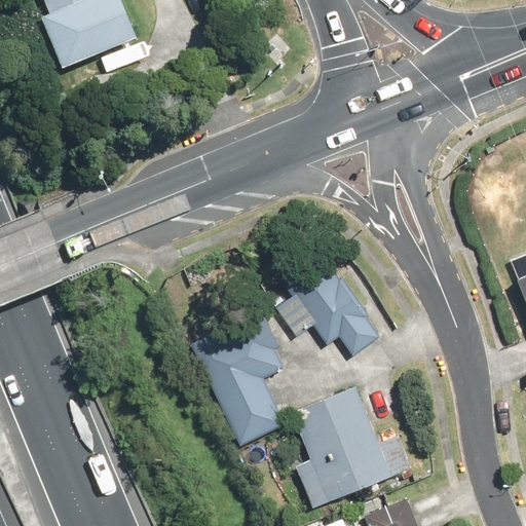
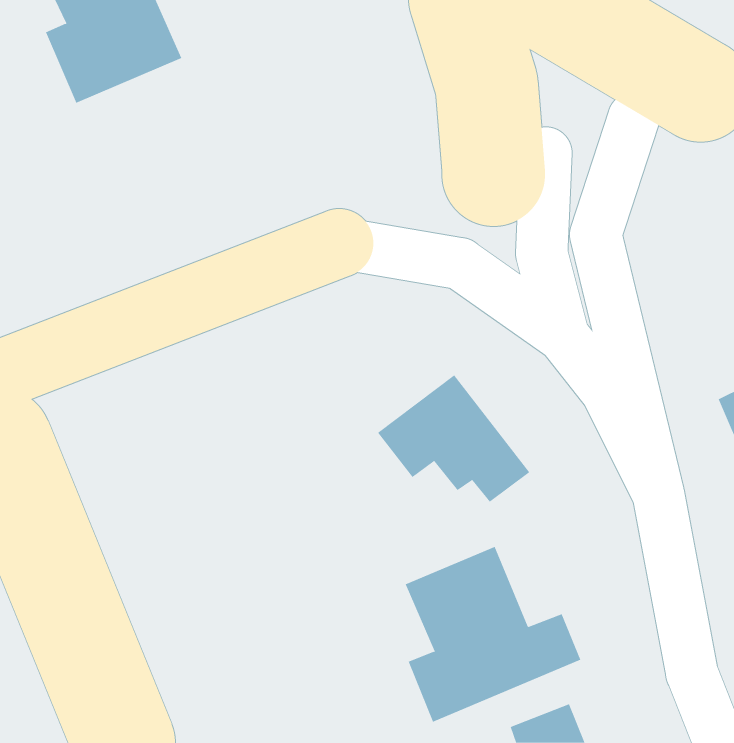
building: [192,313,289,444] -> none

